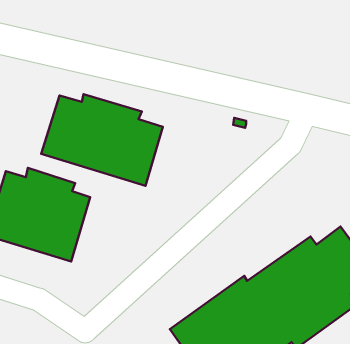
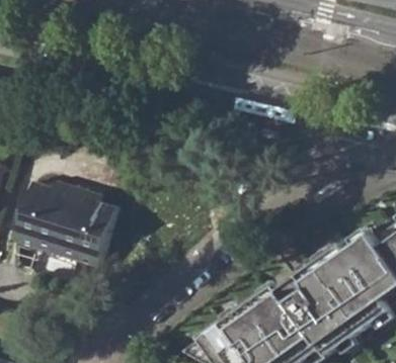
building: [41,94,163,186] -> none

